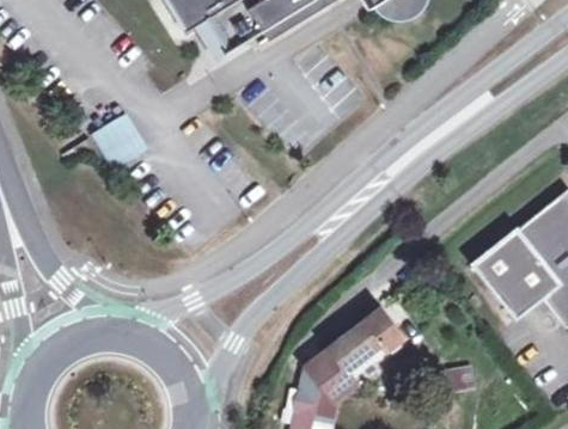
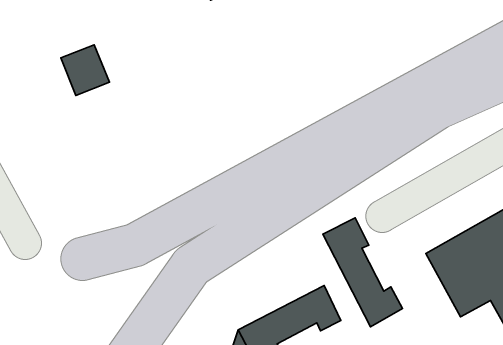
building: none -> [323,218,402,327]

